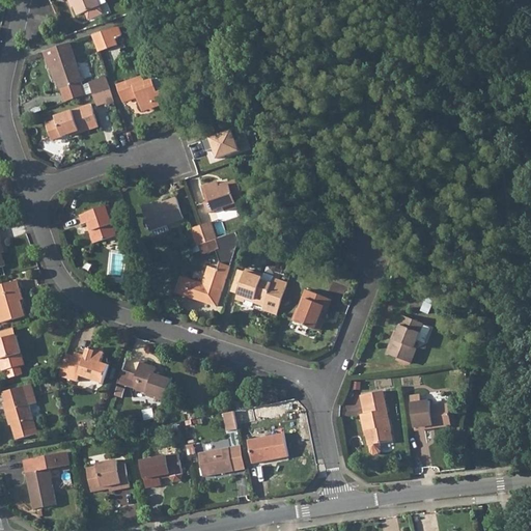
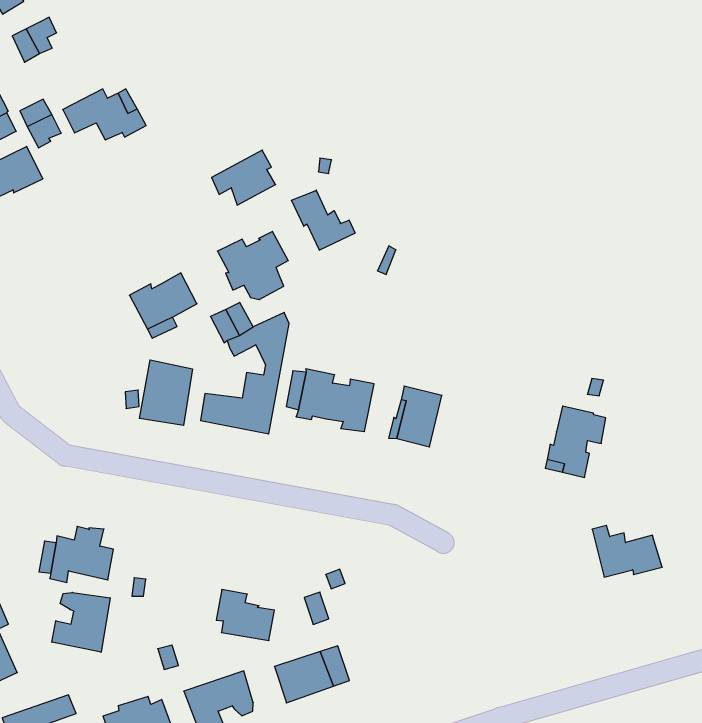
building: none -> [292,190,355,250]
building: [78,204,114,242] -> none
building: none -> [139,360,192,425]
building: [132,362,169,398] -> [216,590,274,641]
building: none -> [52,592,110,652]
building: [359,390,390,454] -> none
building: [246,432,286,463] -> none

